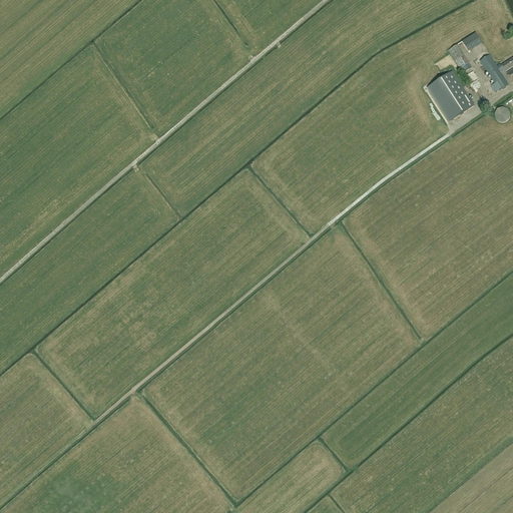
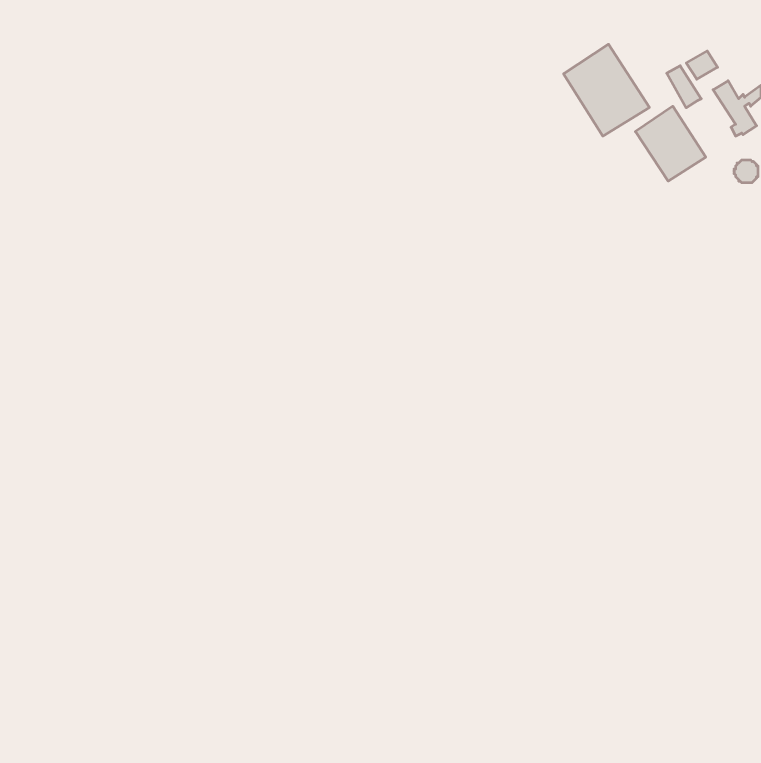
building: none -> [564,44,649,136]

